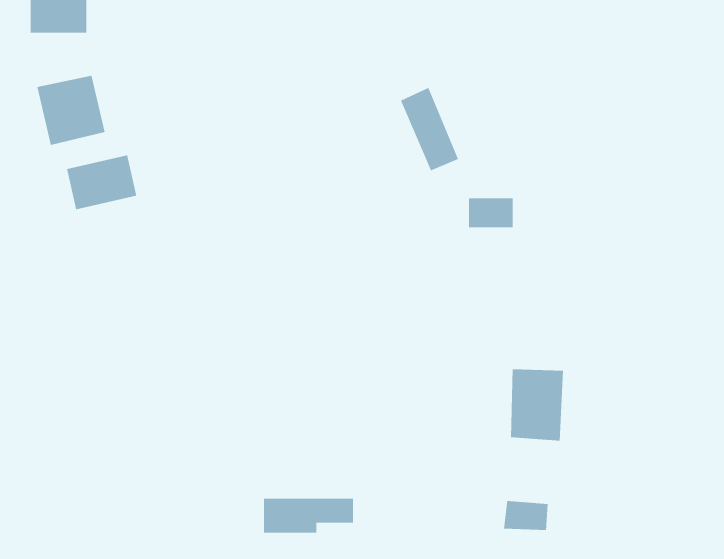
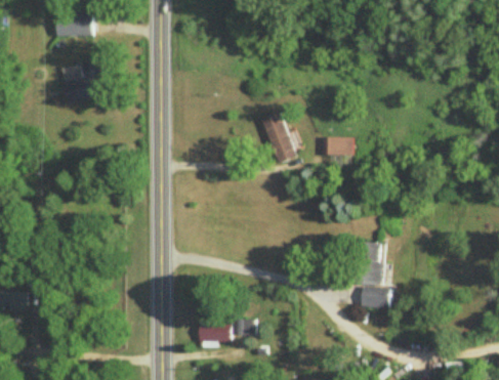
building: [400,87,459,171] -> [261,113,297,164]
building: [66,155,137,210] -> none
building: [503,500,548,531] -> [362,288,389,306]

